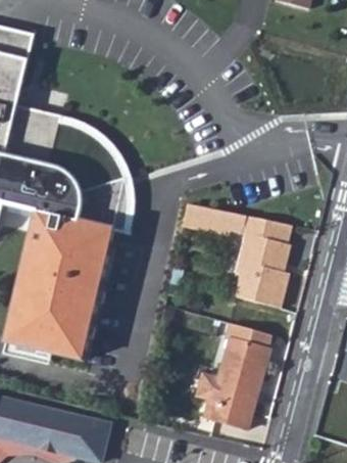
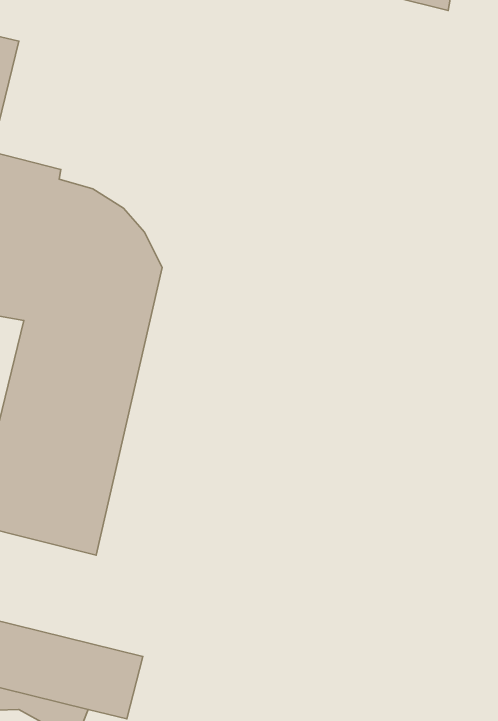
building: [182,203,288,313] -> none
building: [196,326,266,433] -> none

